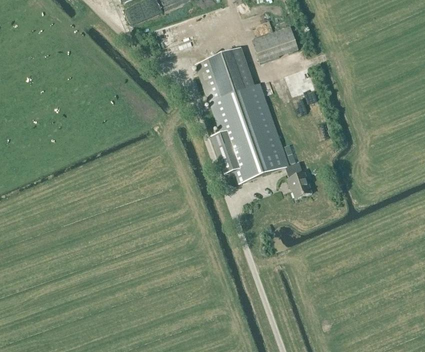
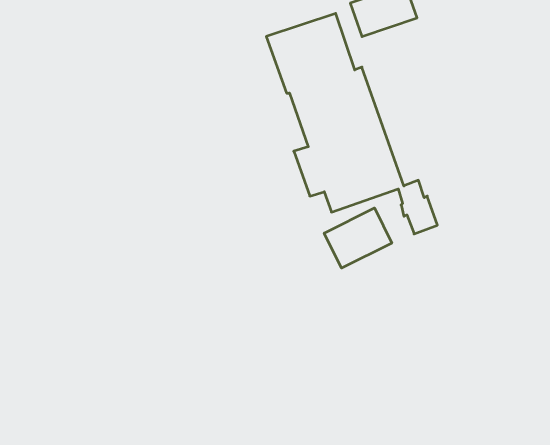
building: none -> [324,208,392,268]

